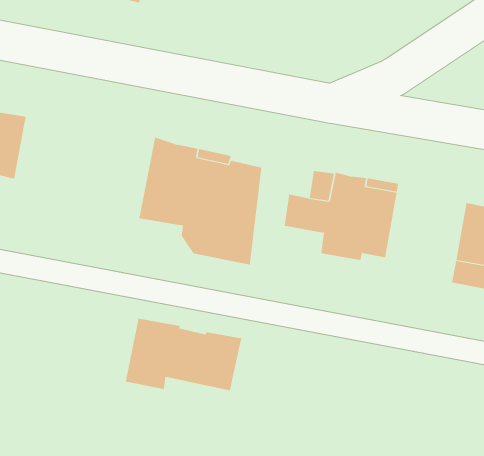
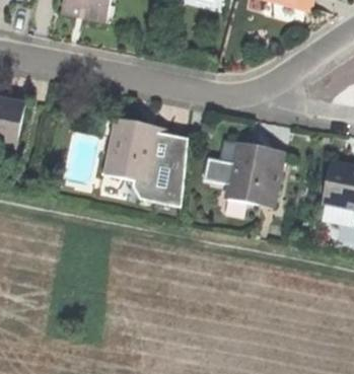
building: [125,318,242,391] -> none

